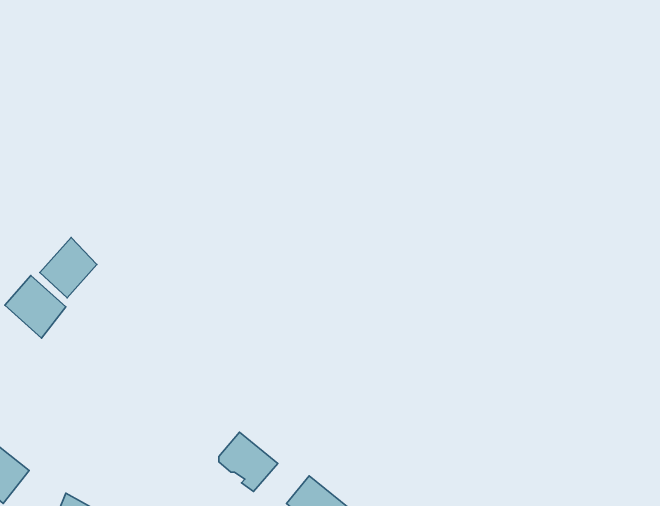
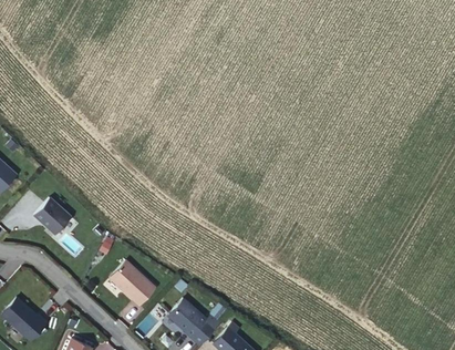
building: [40,237,97,298] -> none
building: none -> [112,260,157,306]

